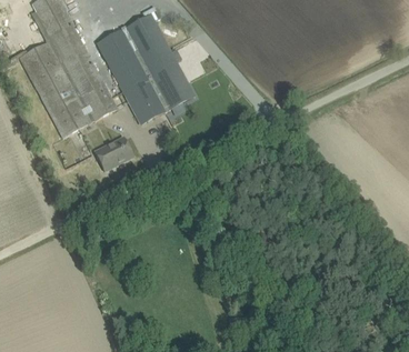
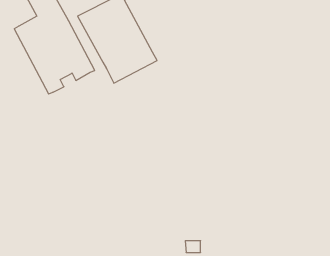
building: [93,134,134,171] -> none

